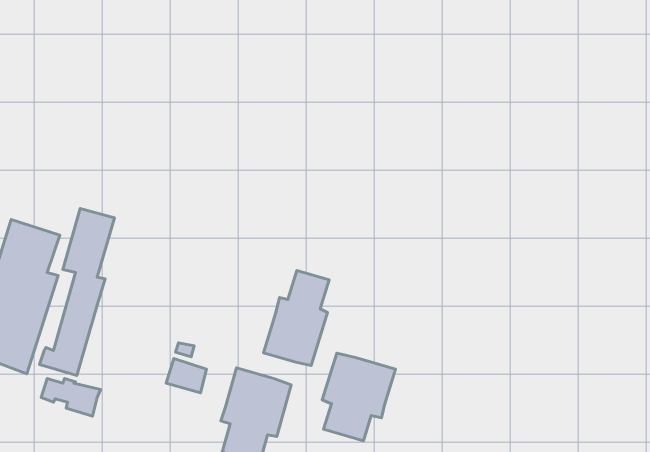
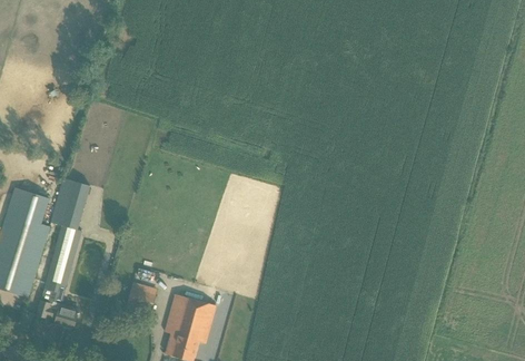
building: [264,270,329,366] -> none
building: [322,353,395,441] -> none

